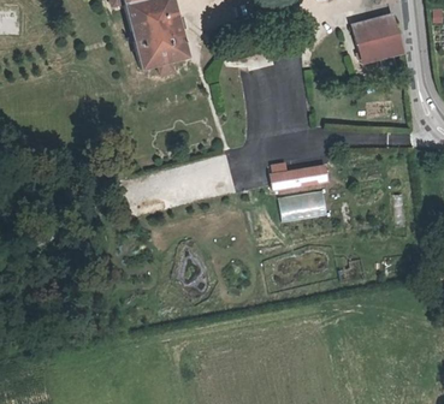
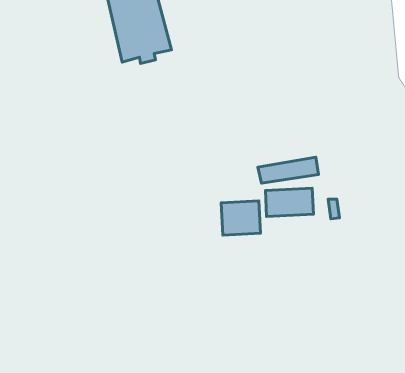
building: [355,17,405,66] -> none
building: none -> [221,201,260,235]

